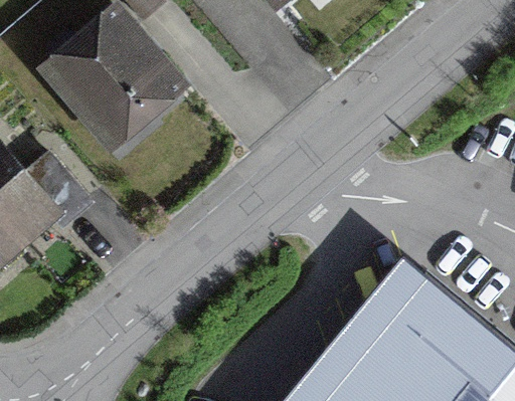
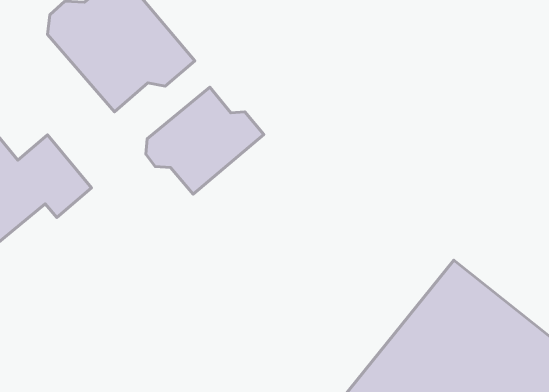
building: none -> [146,87,264,194]

